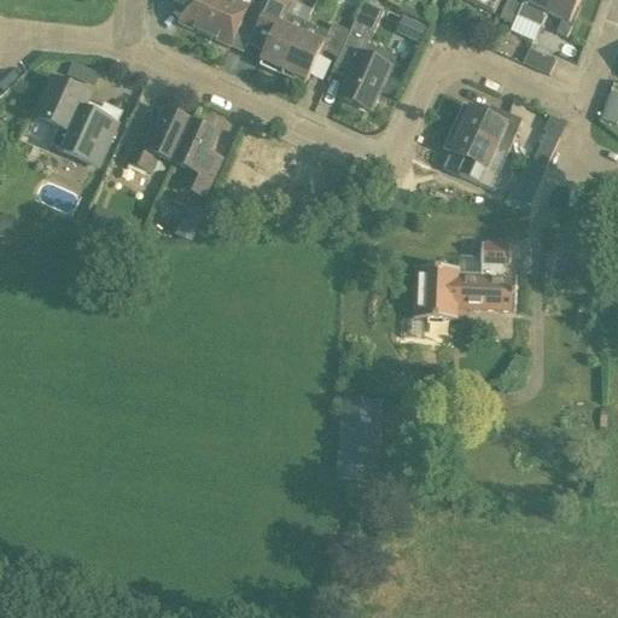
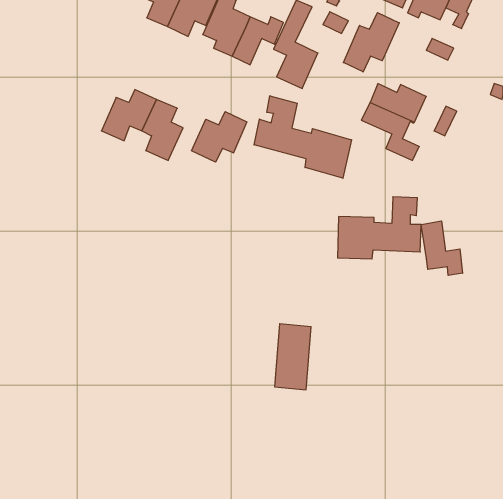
building: none -> [343,13,399,72]
building: [36,77,121,168] -> none
building: none -> [254,96,352,178]
building: none -> [192,112,247,162]
building: none -> [421,221,463,275]

